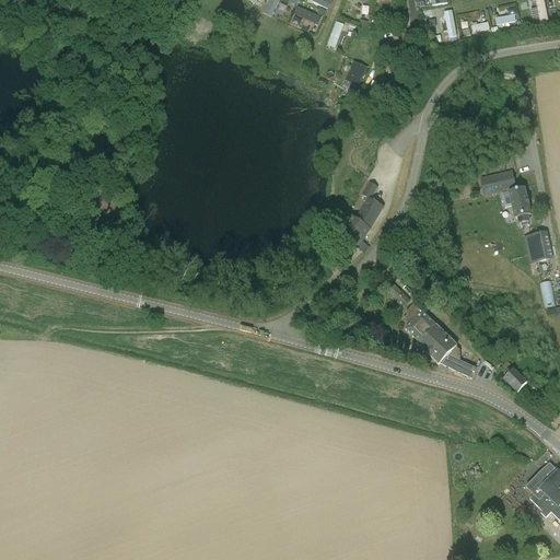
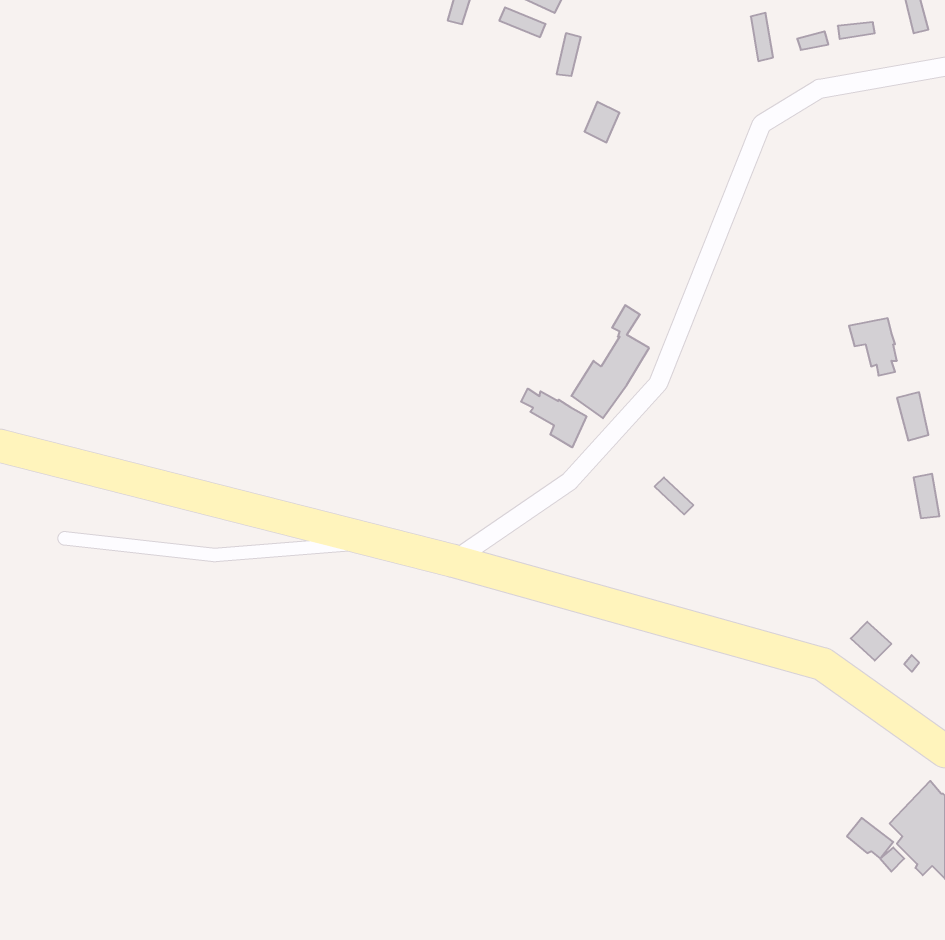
building: [480,171,515,194] -> none
building: none -> [521,389,586,447]
building: [404,303,476,376] -> none

